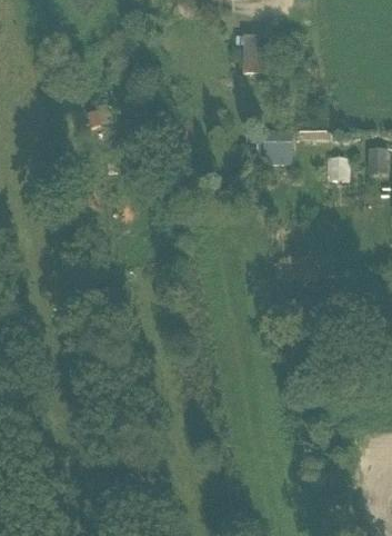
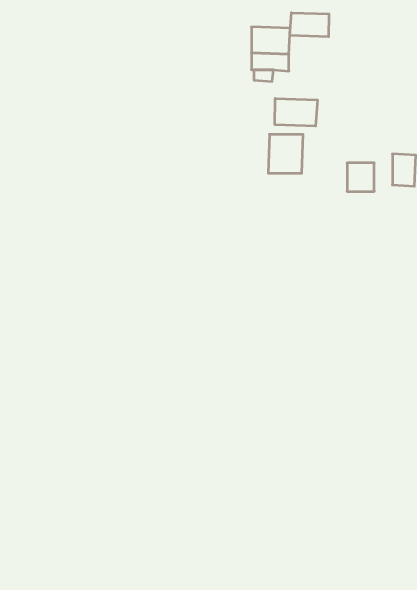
building: none -> [290,13,329,37]
building: none -> [275,98,317,126]

